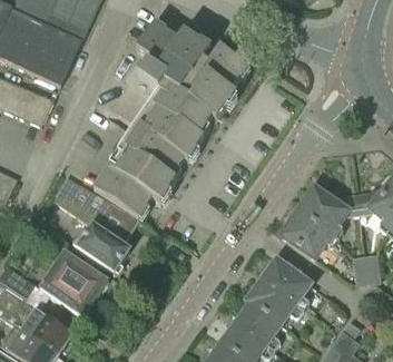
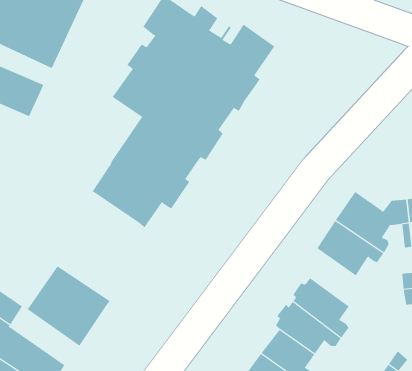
building: [36,175,138,271] -> none

